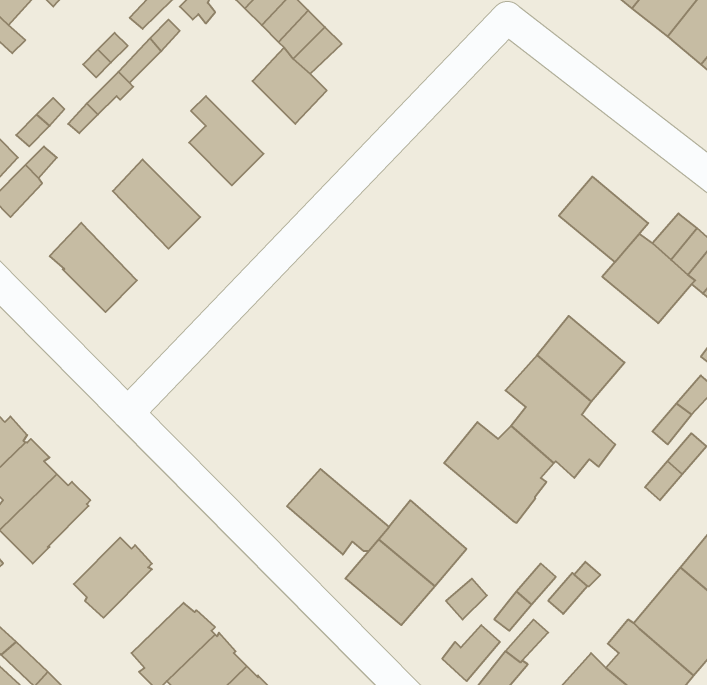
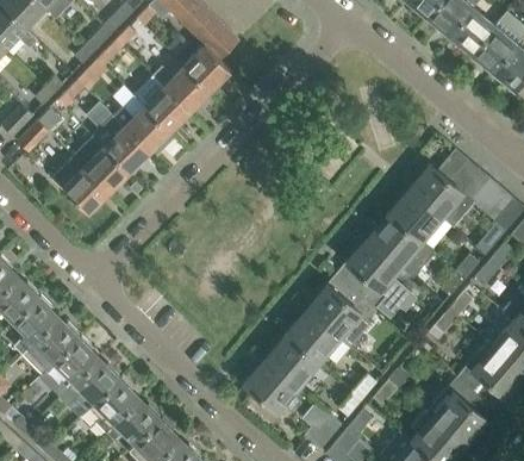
building: none -> [154,66,211,112]
building: none -> [113,105,170,152]
building: [559,177,648,262] -> [386,191,443,245]
building: none -> [74,136,130,193]
building: [287,469,389,555] -> [285,310,350,365]
building: none -> [52,336,99,387]
building: none -> [88,376,139,431]

